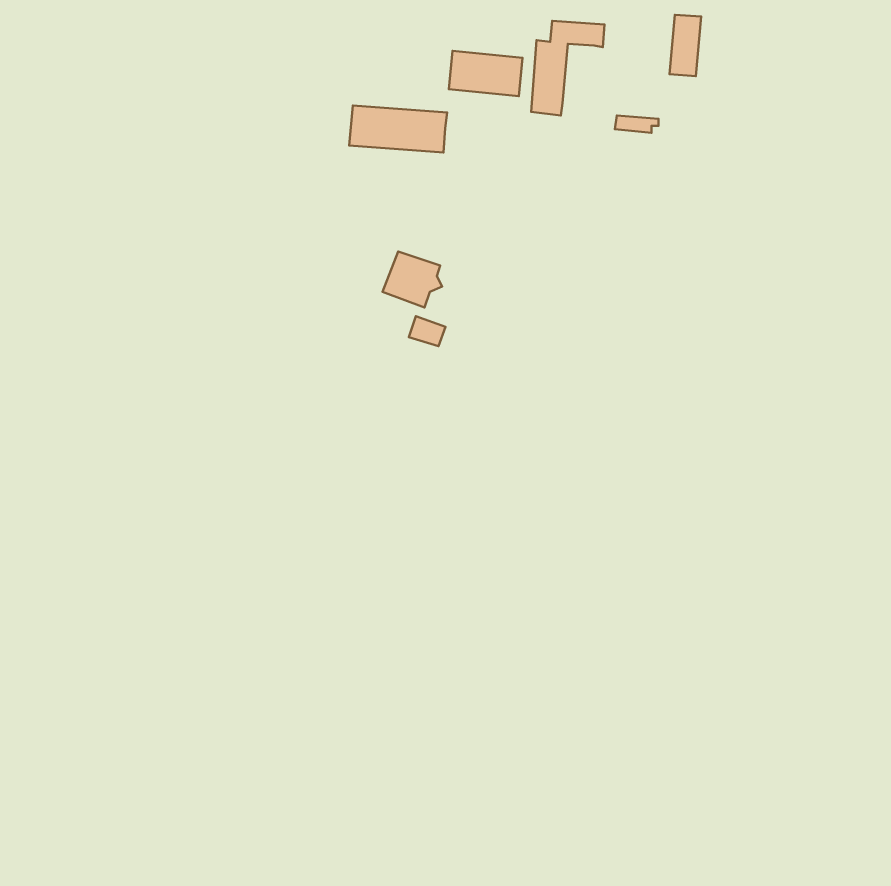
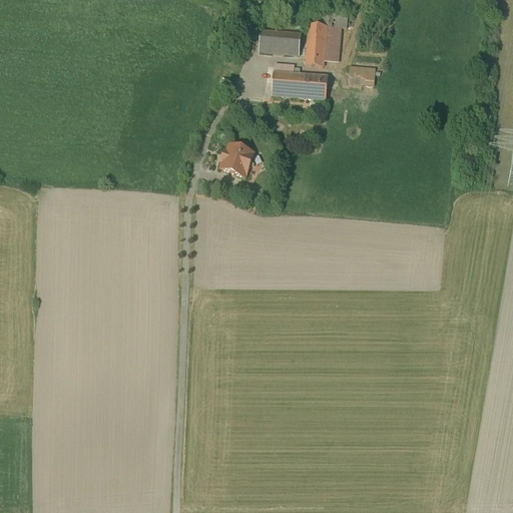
building: [670,15,701,76] -> [323,25,341,60]
building: [349,105,447,153] -> [271,72,327,99]

